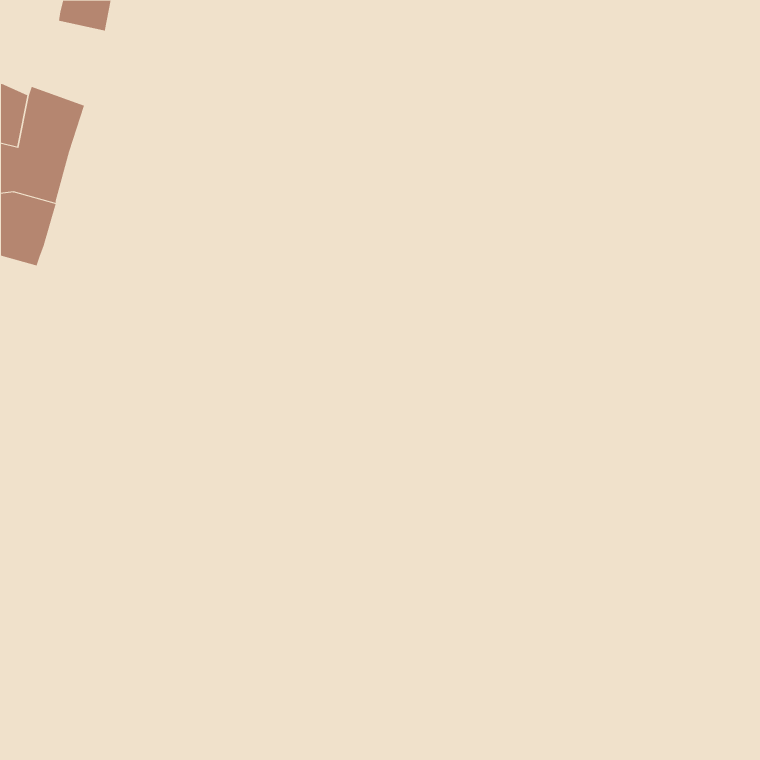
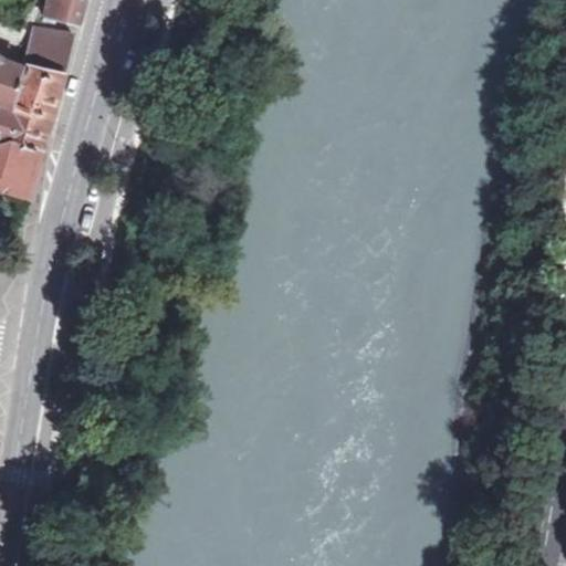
building: none -> [23,25,75,78]

